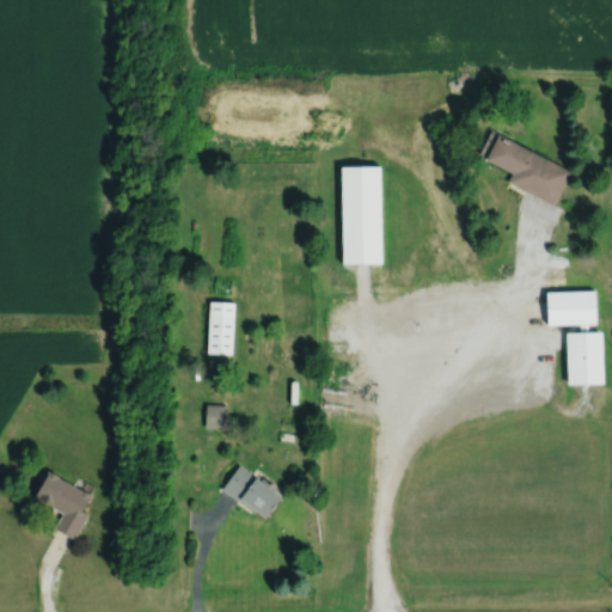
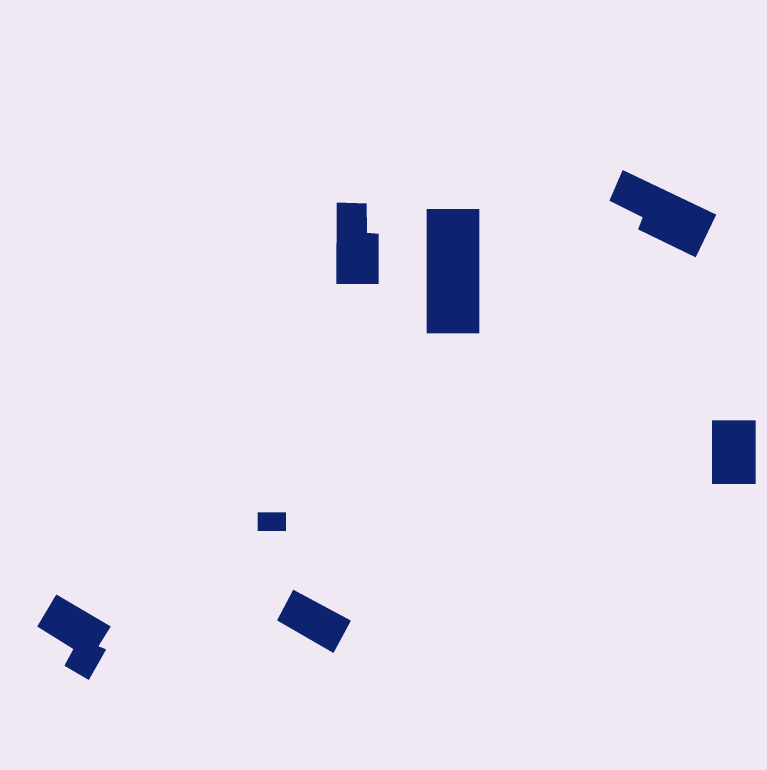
building: none -> [336,202,379,285]
building: [545,292,596,325] -> none
building: [209,302,235,355] -> none

